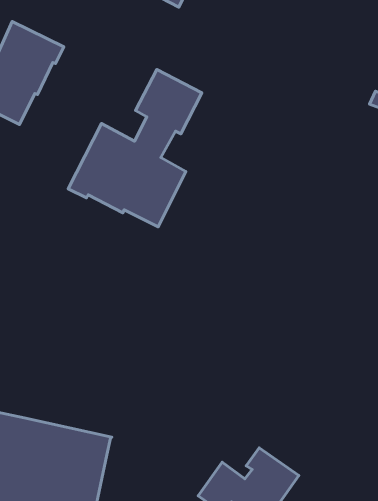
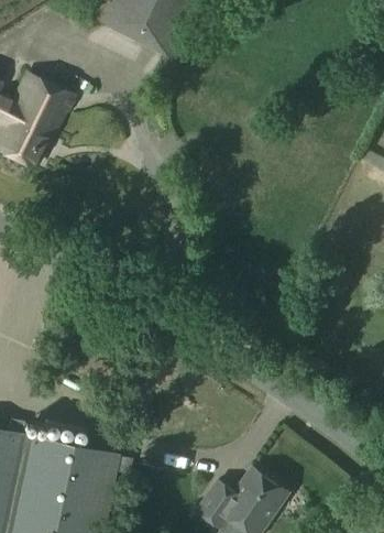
building: [68,70,202,227] -> none

